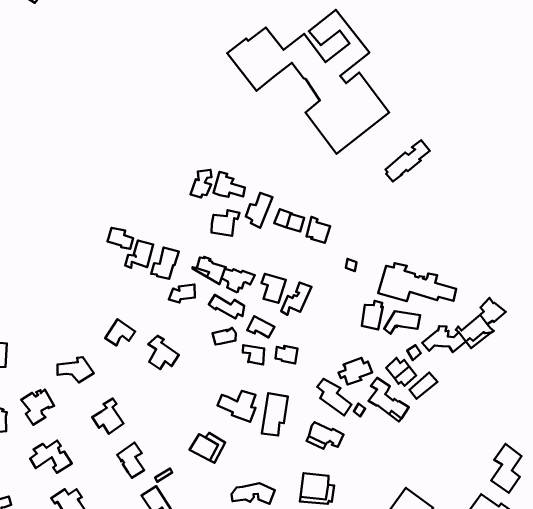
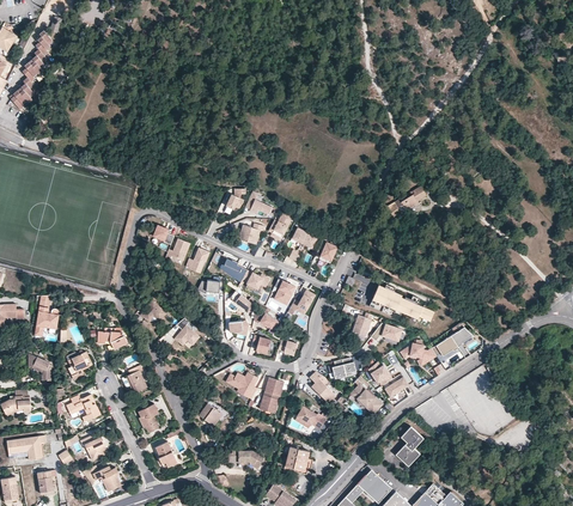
building: [227,10,389,154] -> none
building: [491,444,522,493] -> [396,426,423,467]

